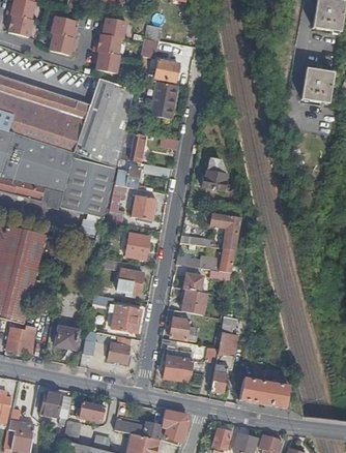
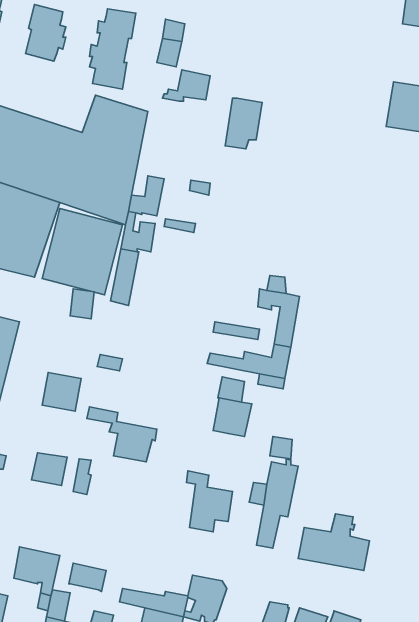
building: [151,82,177,117] -> [225,98,262,149]
building: [202,156,226,190] -> none
building: [132,194,156,220] -> none
building: [125,232,150,259] -> none
building: [116,268,143,295] -> [42,372,81,411]
building: [170,309,197,340] -> none
building: [108,335,132,362] -> none

